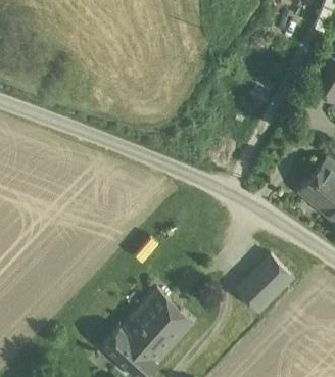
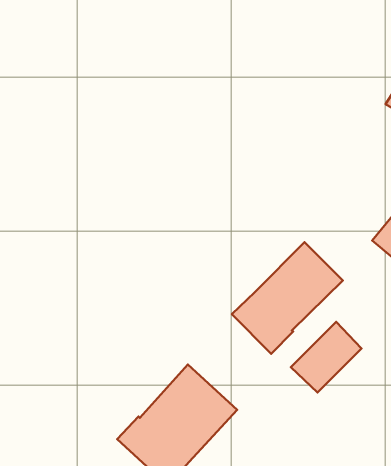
building: none -> [232,242,343,354]

